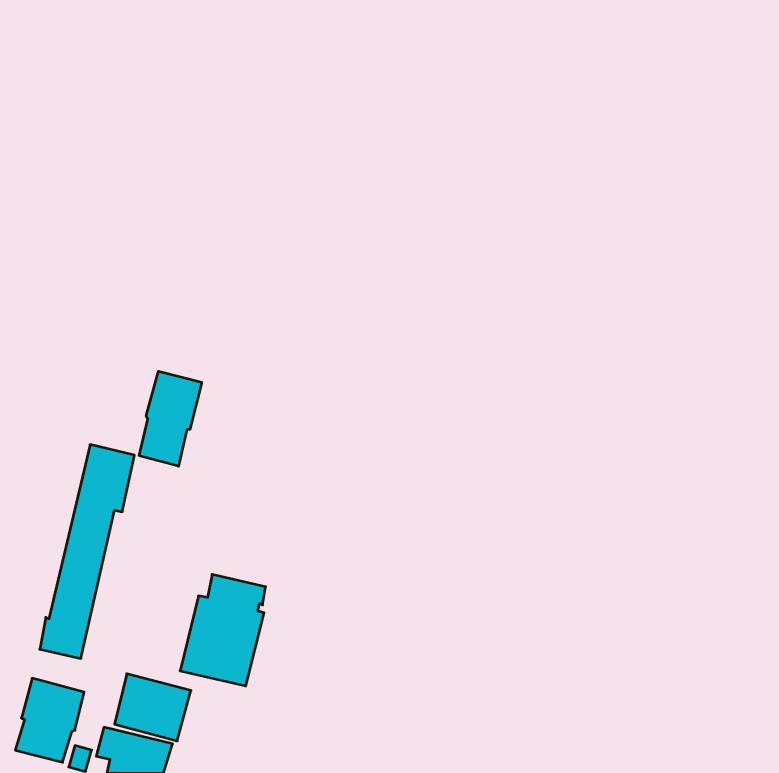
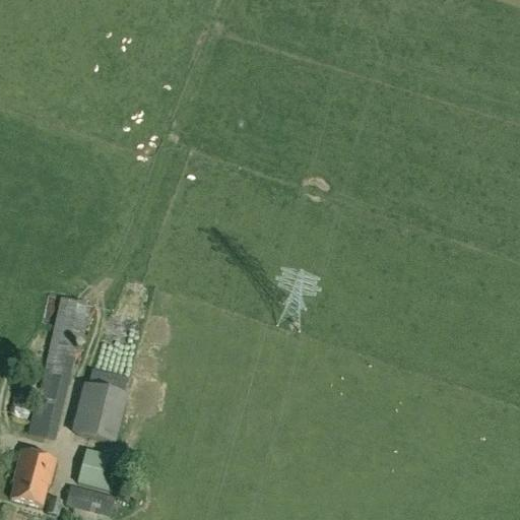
building: [139,371,202,466] -> none
building: [180,574,266,686] -> [71,368,128,442]

